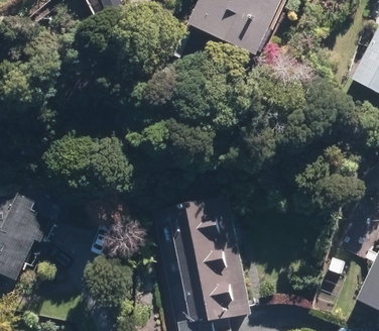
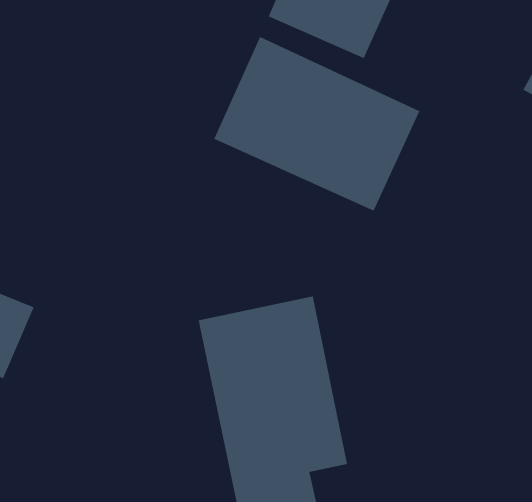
building: none -> [213,36,420,211]

